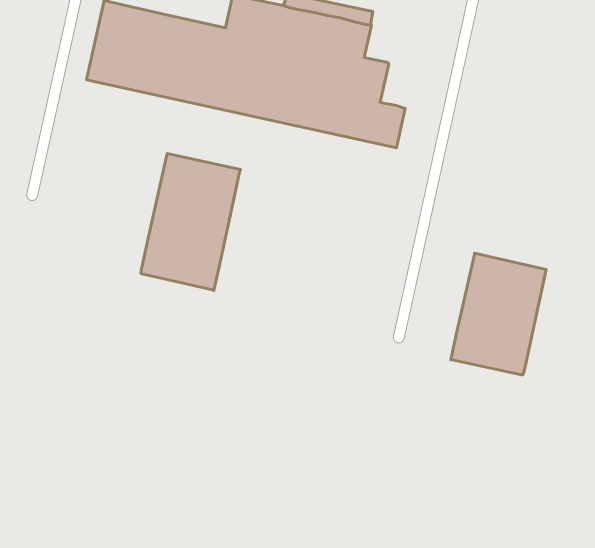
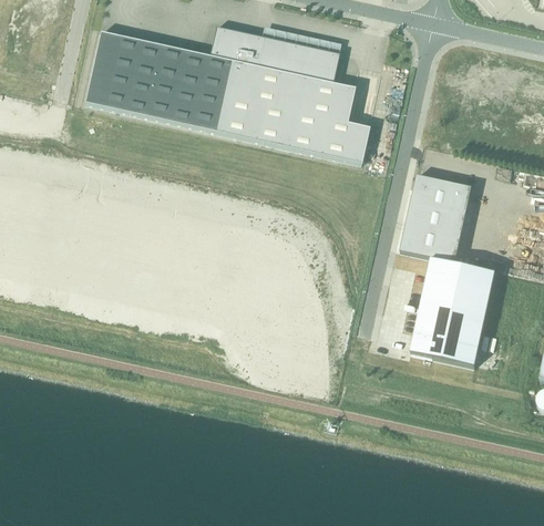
building: [141,153,240,290] -> none
building: none -> [400,174,472,262]

